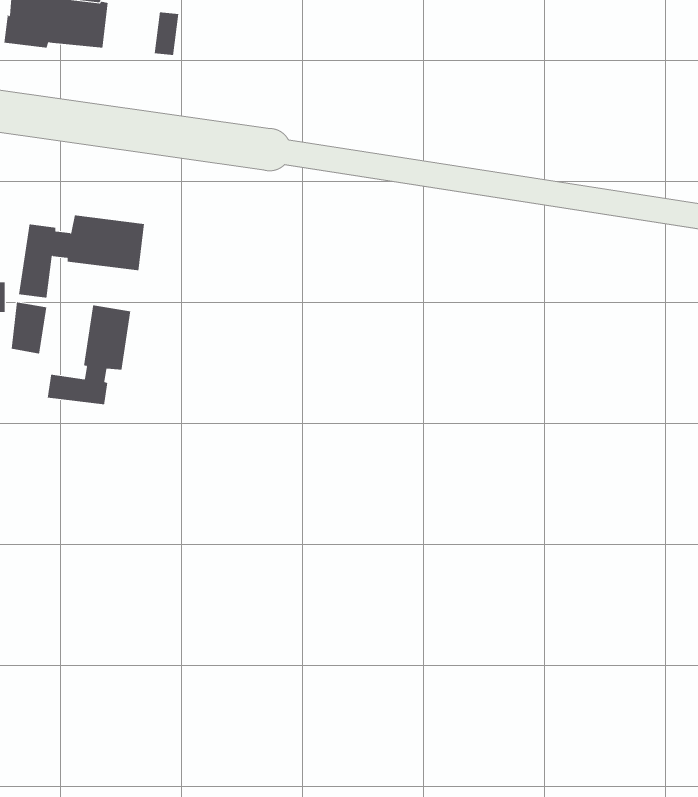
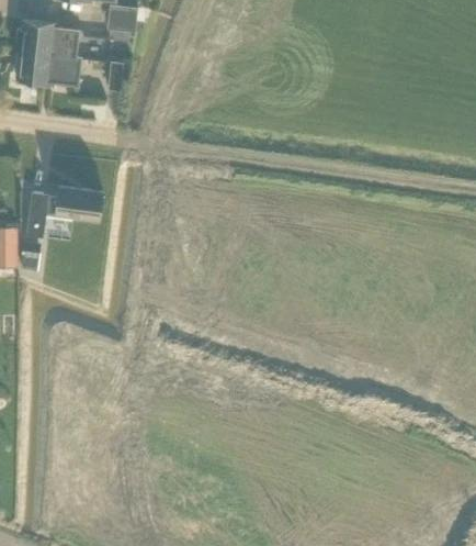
building: [47,305,131,405] -> none

